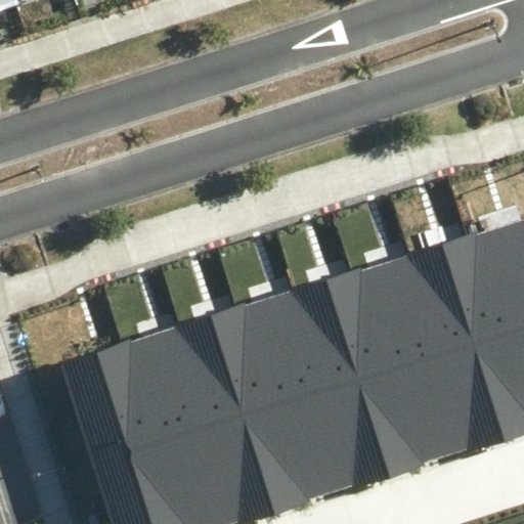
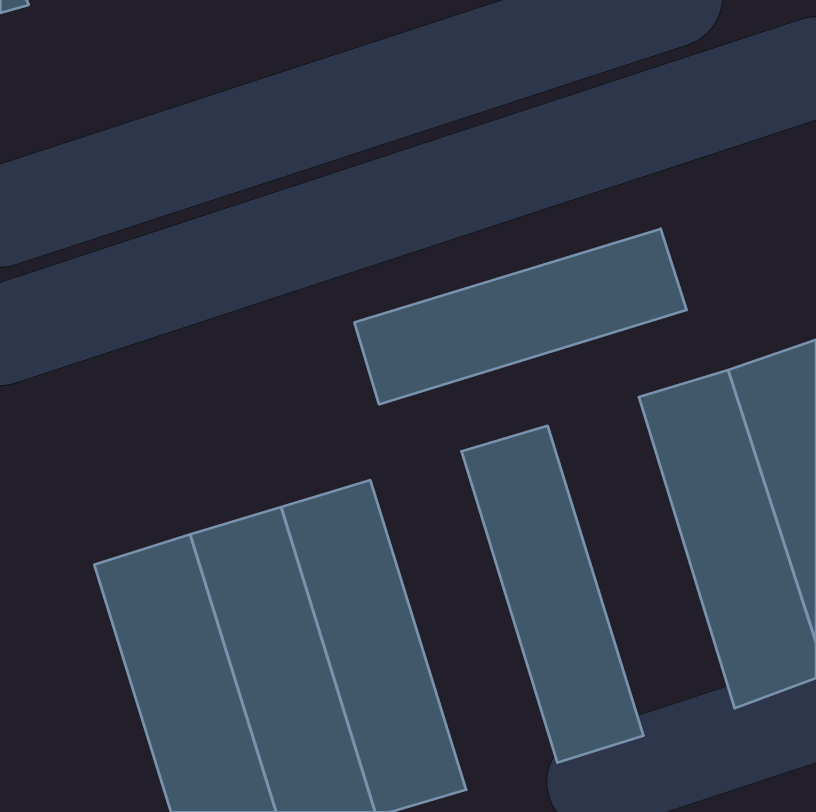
building: none -> [355,229,687,404]
building: [351,255,471,472] -> none
building: [237,290,357,507] -> none

